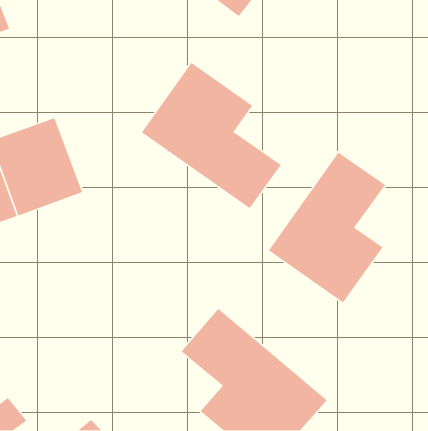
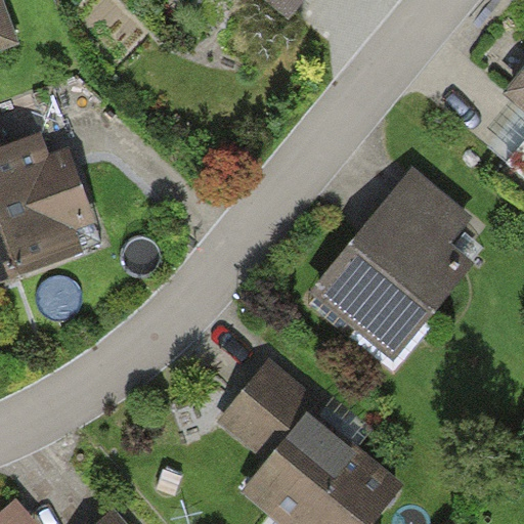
building: [141,62,282,209] -> none

